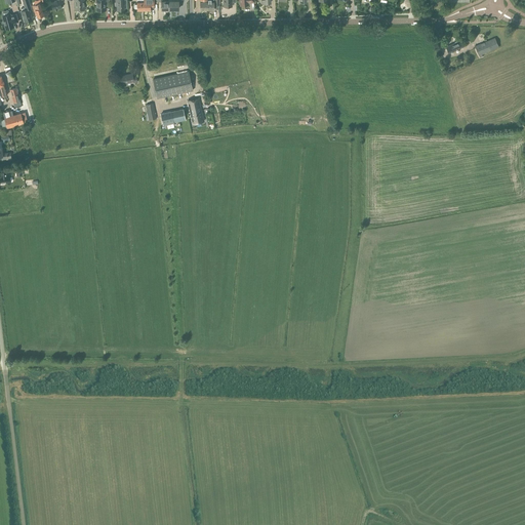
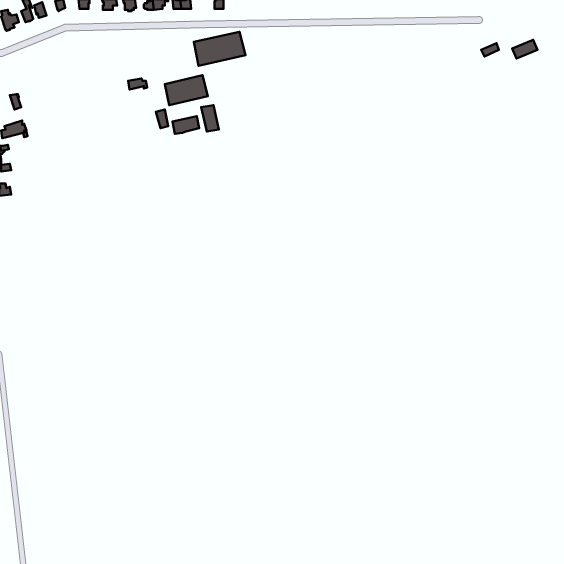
building: none -> [194,32,245,66]

